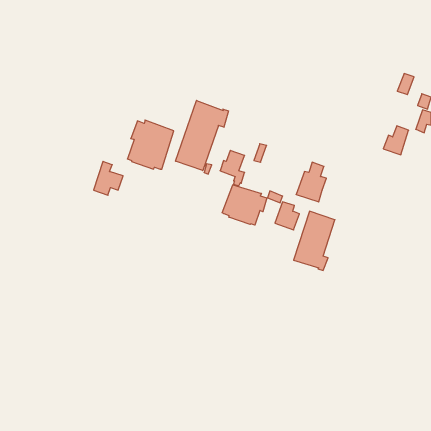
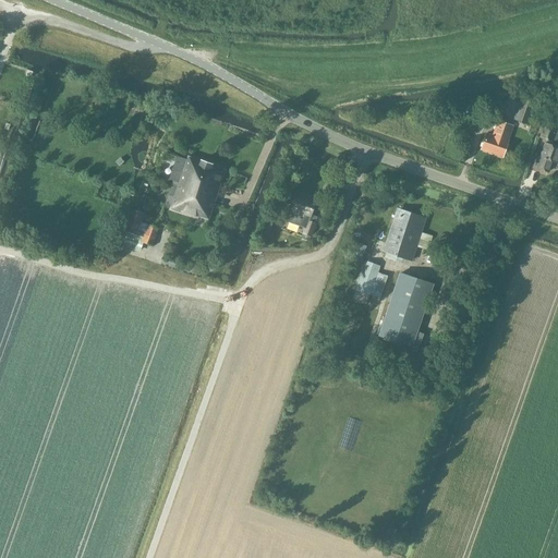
building: [176,100,229,171] -> none
building: [383,126,409,155] -> [481,119,513,156]
building: [222,185,267,225] -> none

